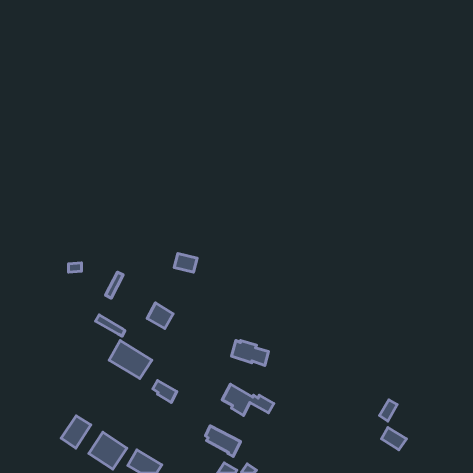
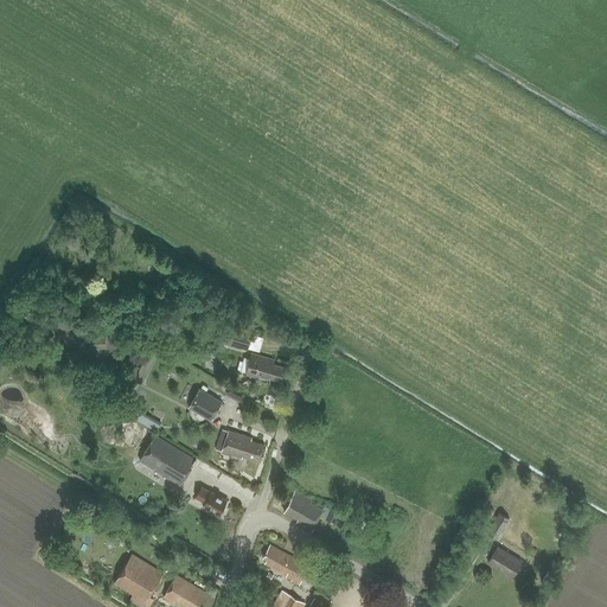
building: none -> [245,354,283,379]
building: [231,341,268,366] -> [216,430,263,462]
building: [61,416,91,448] -> none

